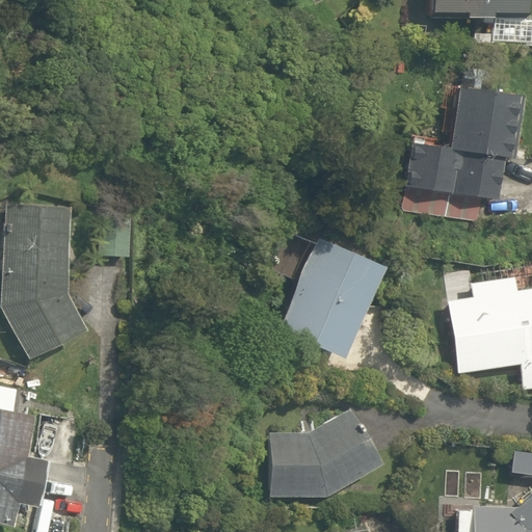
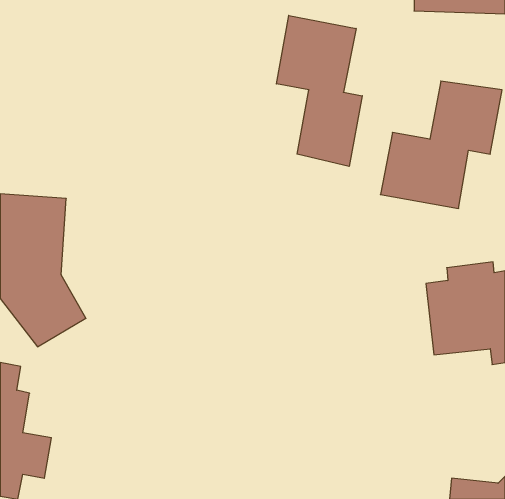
building: none -> [276,15,362,166]
building: [266,227,395,365] -> none
building: [257,409,385,498] -> none

